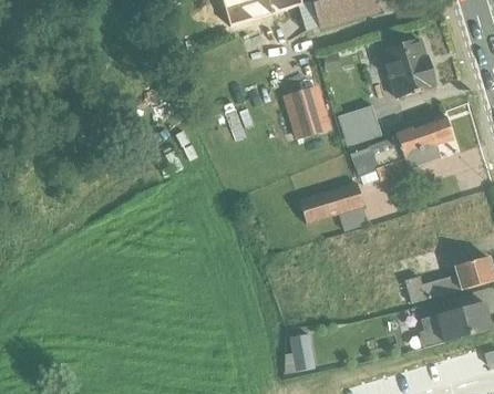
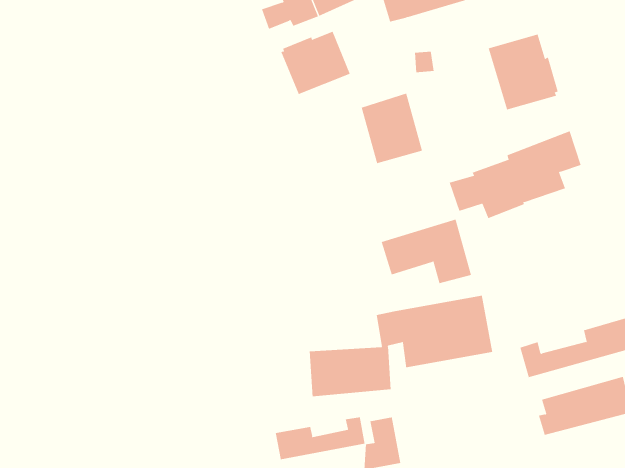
building: none -> [281,31,351,95]
building: [338,103,381,144] -> none
building: none -> [309,295,493,397]
building: none -> [275,416,365,460]

